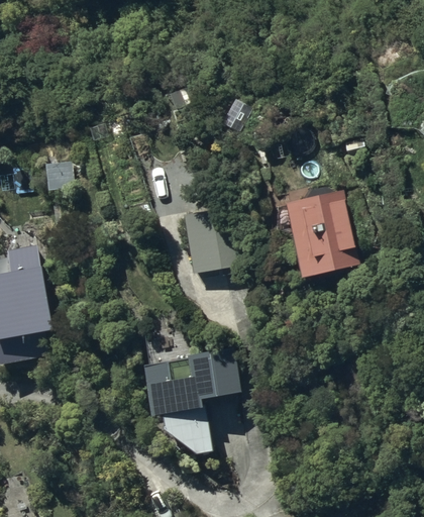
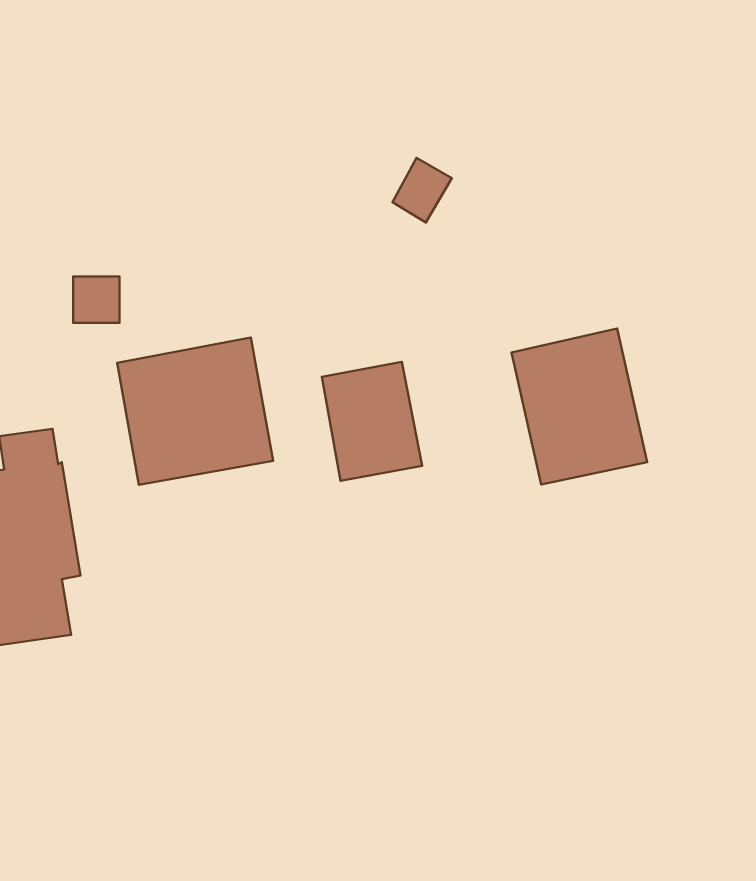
building: none -> [117,337,273,485]
building: [144,348,238,449] -> none

